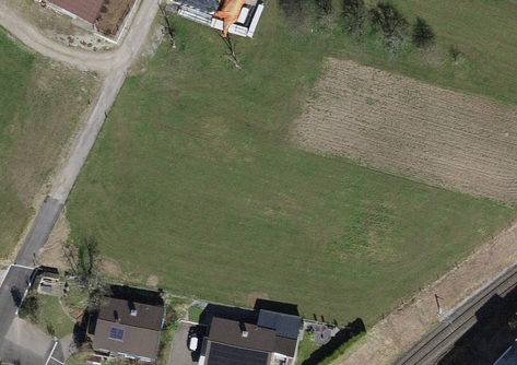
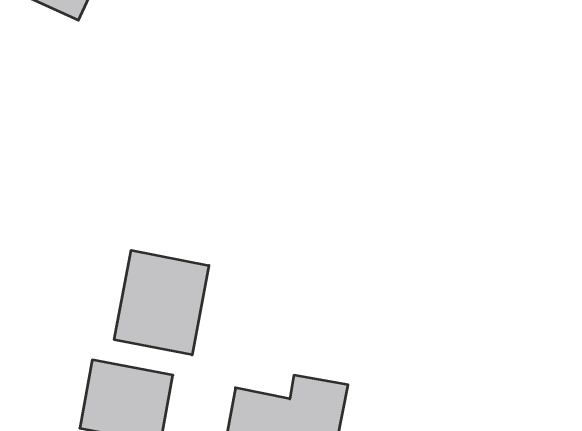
building: none -> [114,250,209,355]

